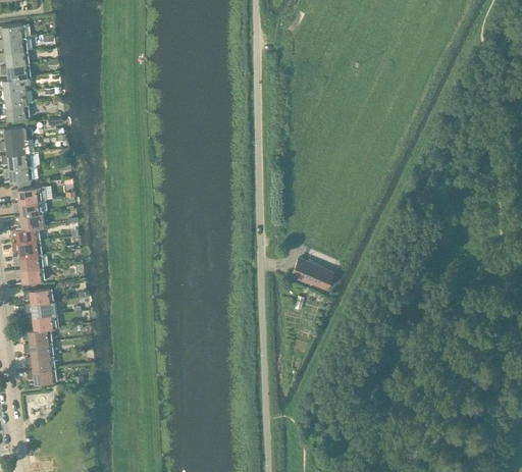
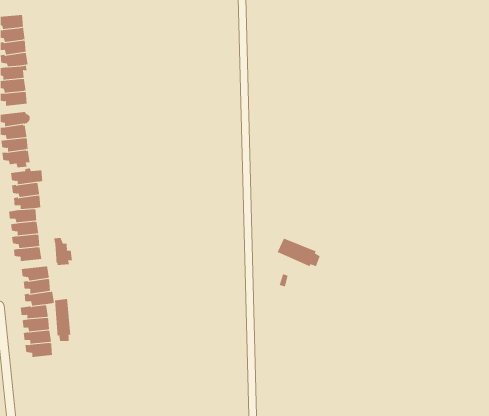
building: none -> [53,237,73,266]
building: none -> [54,298,71,342]

